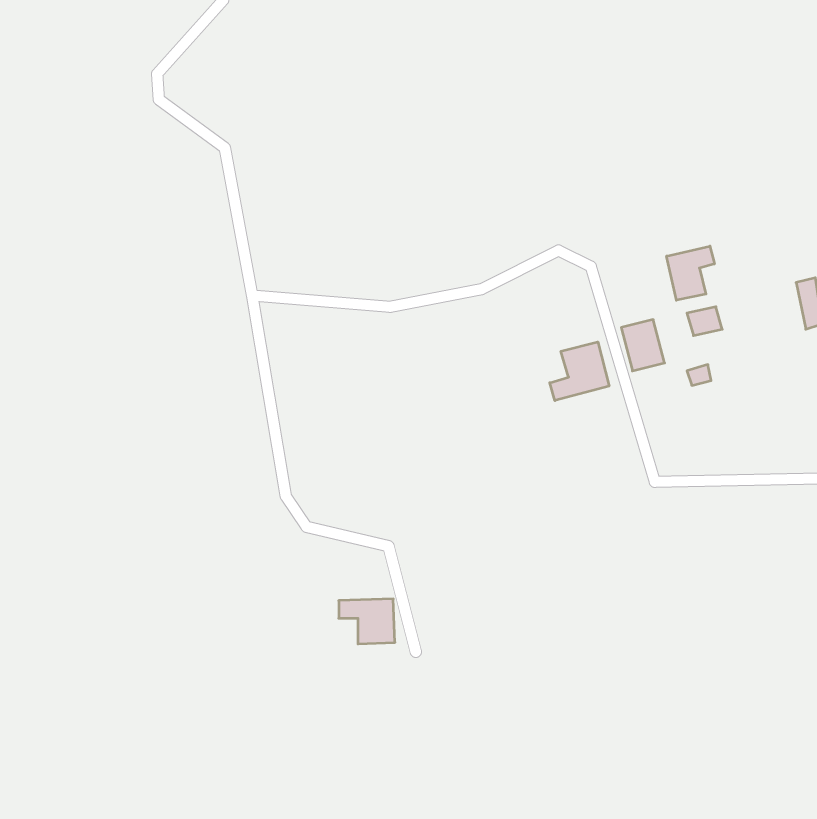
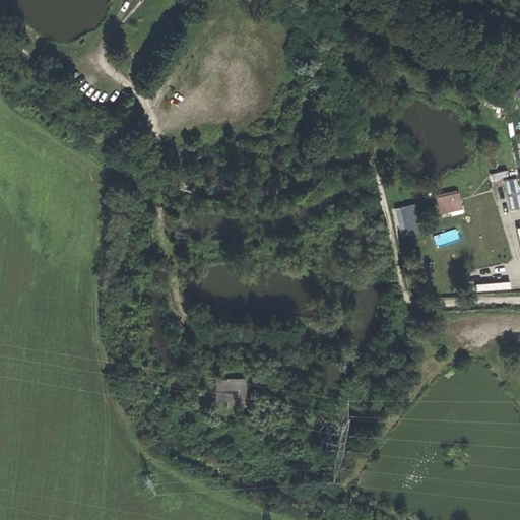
building: [667,246,714,300] -> none
building: [550,342,609,401] -> none

